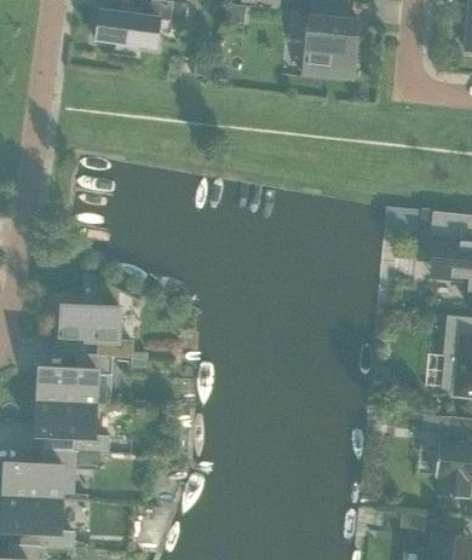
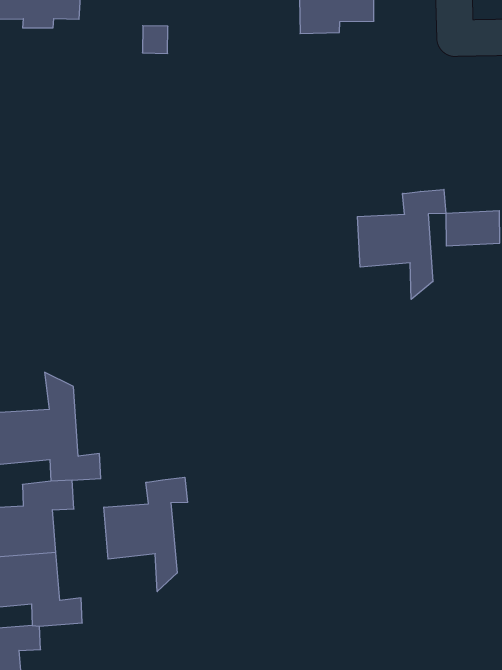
building: none -> [357,189,446,299]
building: none -> [104,477,188,592]

